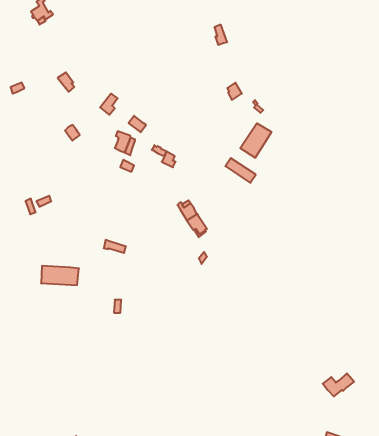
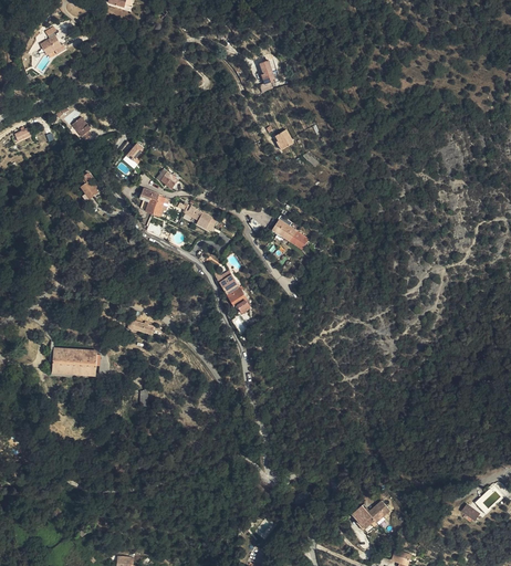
building: [240,123,271,158] -> none
building: [323,373,354,396] -> [353,501,390,528]

